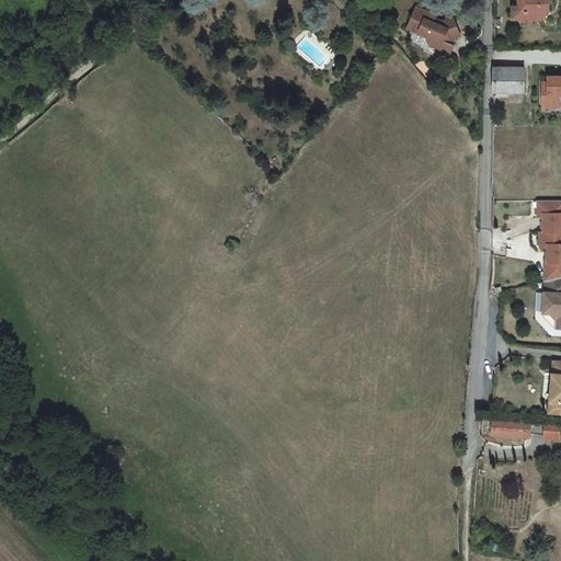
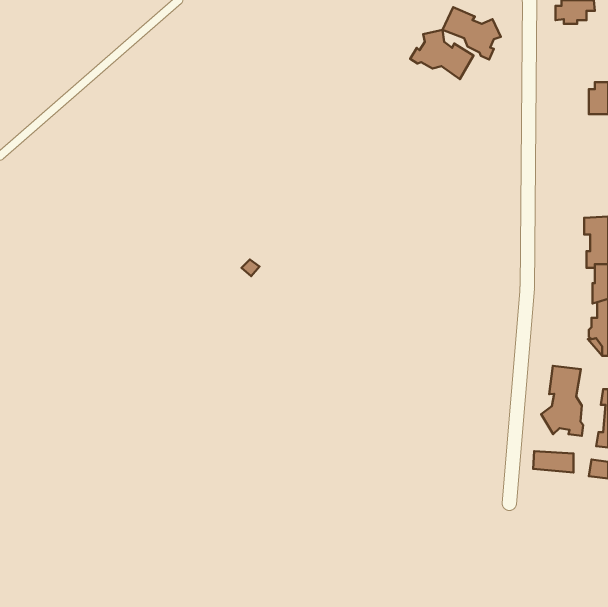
building: none -> [410,30,473,79]
building: [493,68,525,95] -> none
building: none -> [541,366,583,436]

